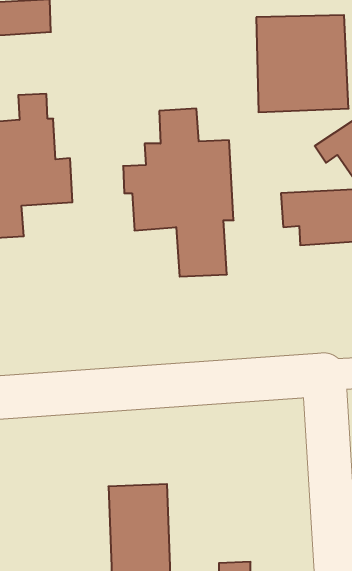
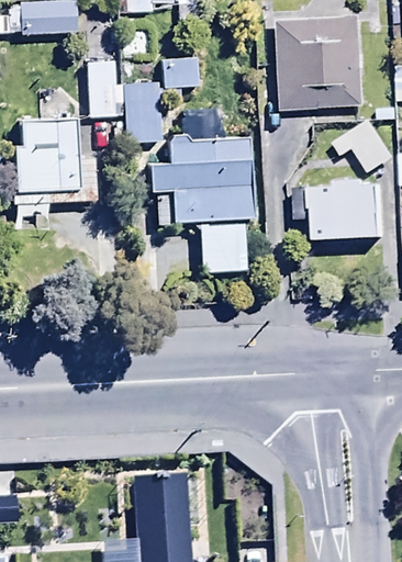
building: none -> [88,57,199,143]

